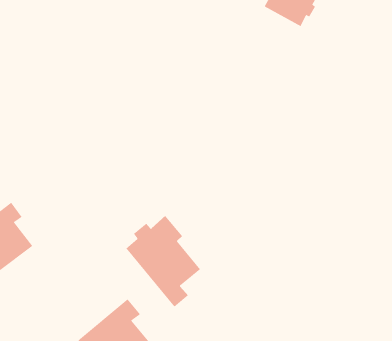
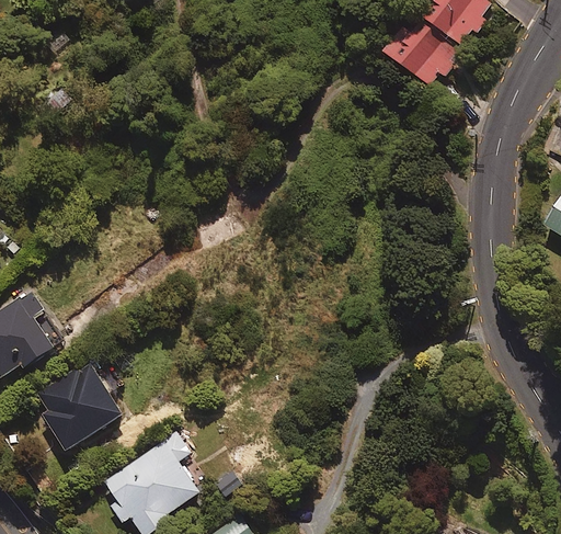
building: [125,215,201,308] -> none
building: none -> [39,362,124,453]

